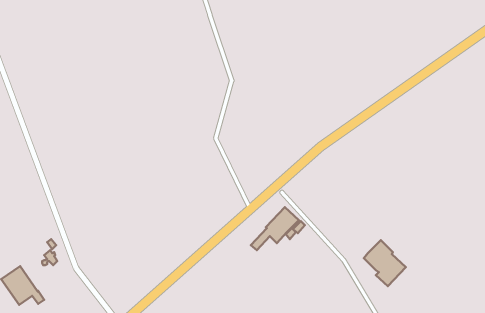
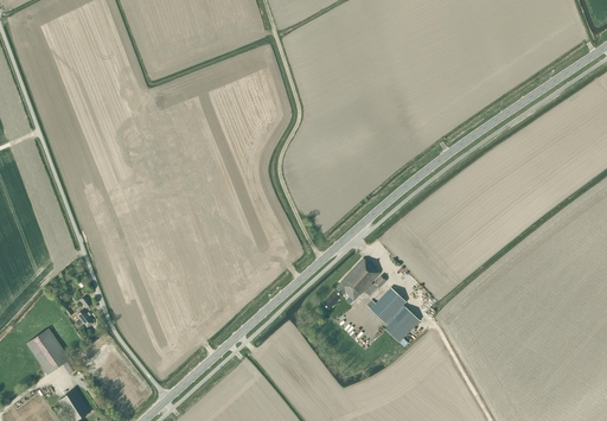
building: [364,240,406,286] -> [370,288,420,343]

